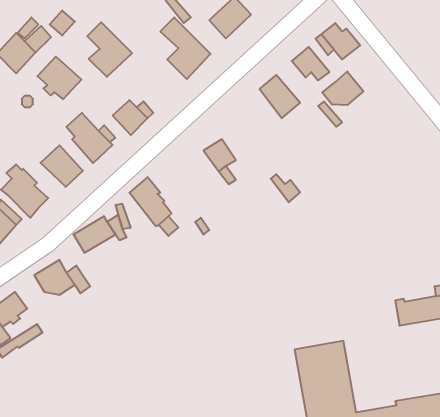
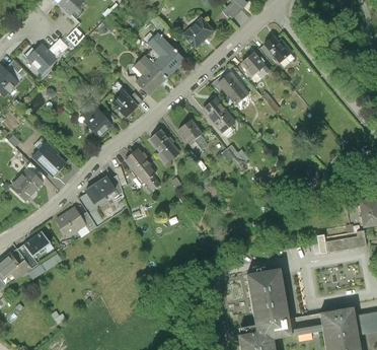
building: [87,22,132,77] -> [134,55,166,94]
building: [37,57,81,99] -> none
building: [322,71,363,105] -> none
building: none -> [203,99,235,133]
building: [40,145,83,187] -> none
building: none -> [150,131,179,163]

